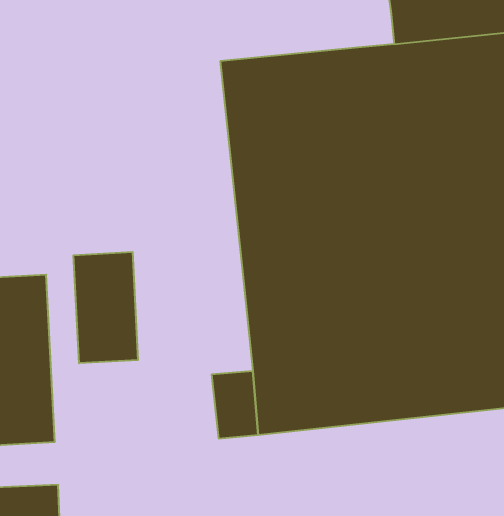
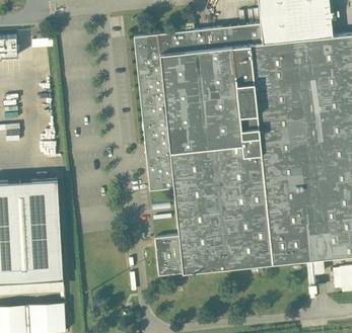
building: none -> [134,25,263,191]
building: [74,252,138,363] -> none

